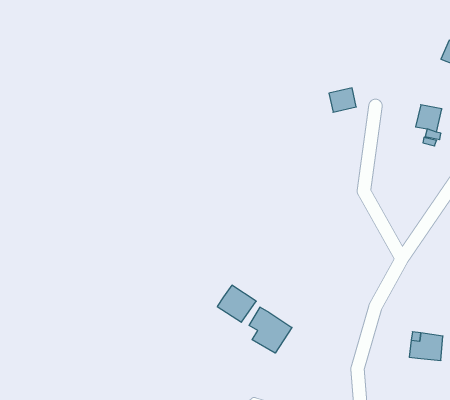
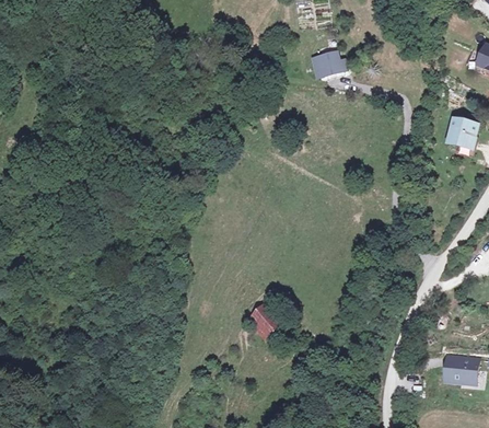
building: [329,88,356,112] -> [313,58,341,83]
building: [249,307,292,353] -> none

